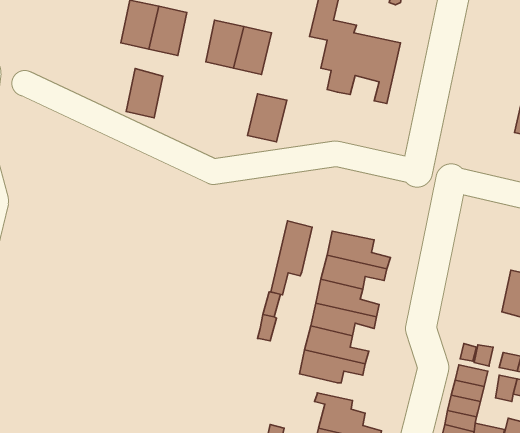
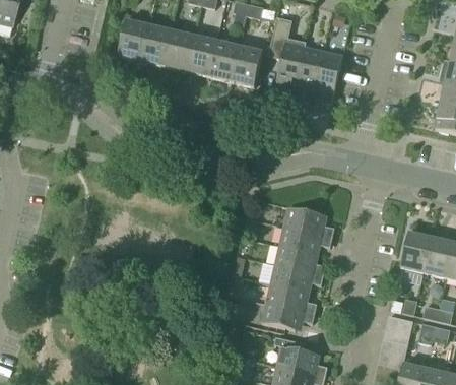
building: [126,68,163,118] -> [164,30,193,70]
building: [247,94,287,142] -> [231,47,262,85]
building: [271,221,312,295] -> none
building: none -> [400,232,431,271]

